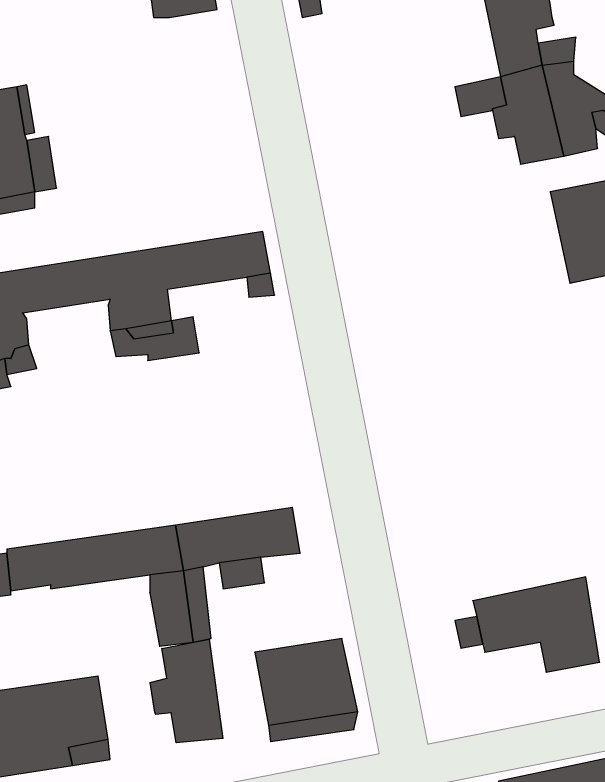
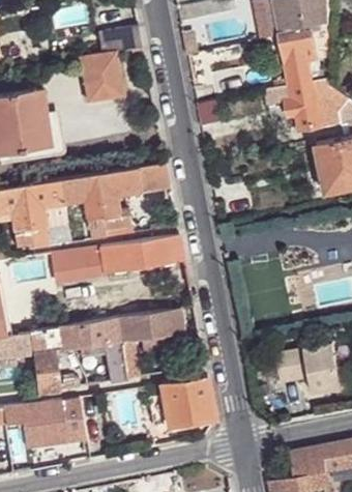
building: none -> [79,54,122,103]
building: none -> [49,236,183,281]
building: none -> [33,350,58,393]
building: [150,639,223,743] -> none

